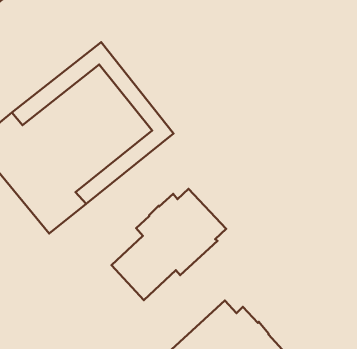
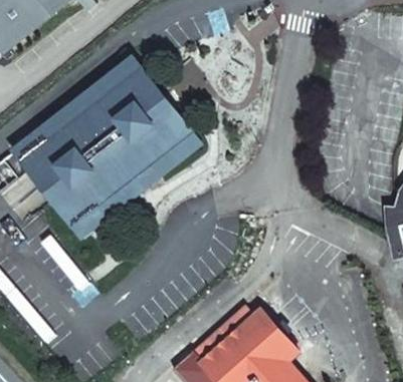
building: [112,189,226,300] -> none

